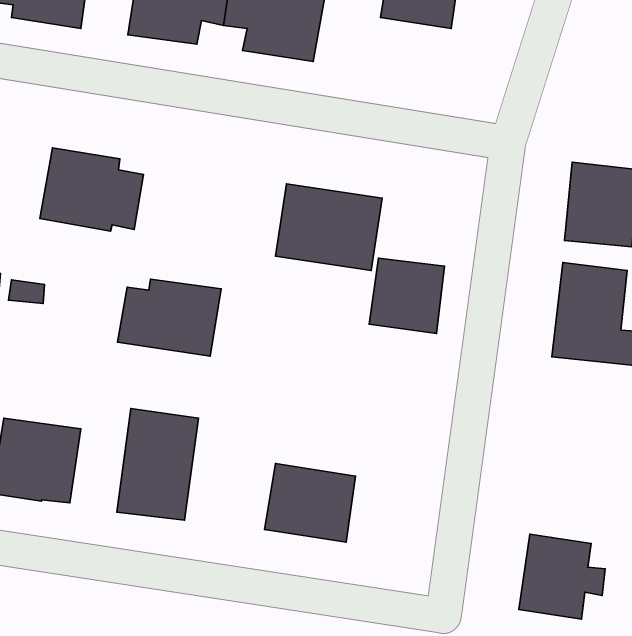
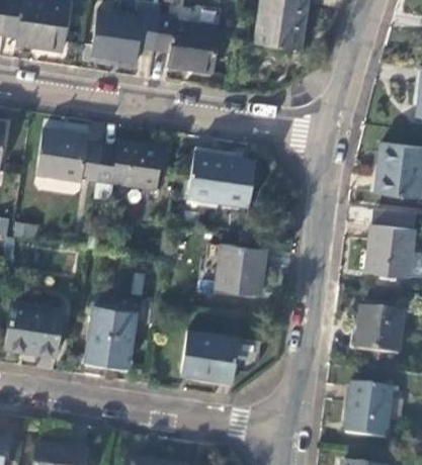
building: [369,258,444,334] -> [216,249,264,297]
building: [118,279,221,356] -> [96,143,163,192]
building: none -> [355,304,402,351]

